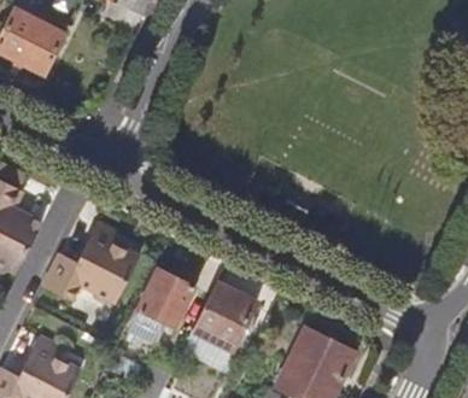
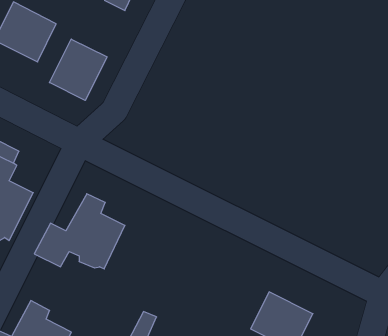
building: none -> [49,39,107,100]
building: [140,270,193,327] -> none
building: [192,285,252,346] -> none

